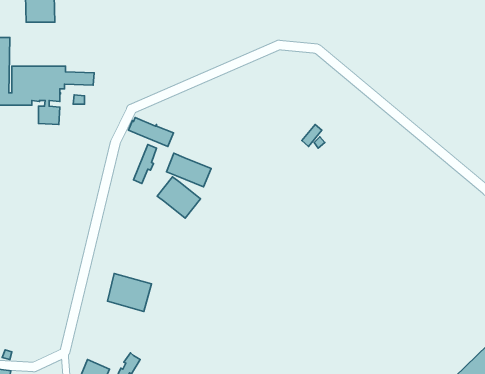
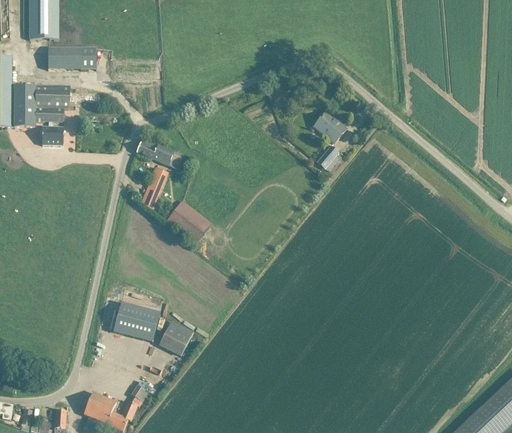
building: none -> [48,47,96,69]
building: none -> [314,111,346,142]
building: [166,153,211,187] -> none
building: none -> [159,319,193,355]

